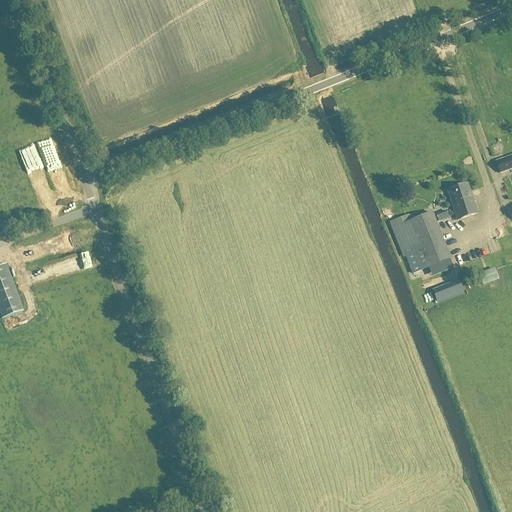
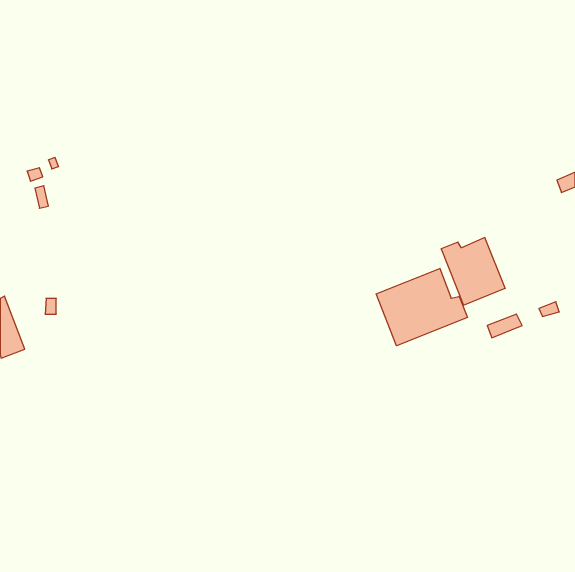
building: [447,182,477,218] -> none
building: none -> [376,268,467,346]

